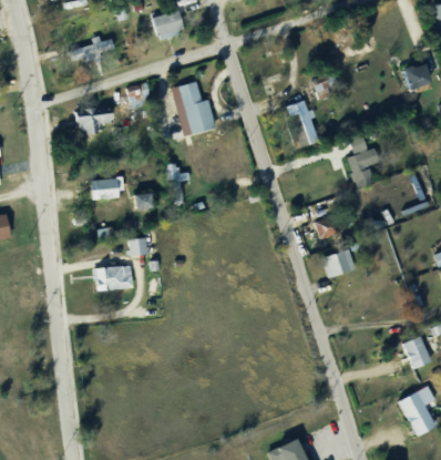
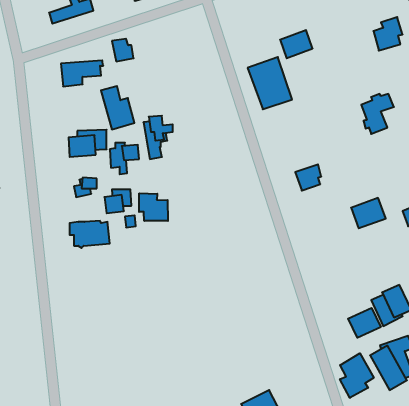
building: [180,89,214,133] -> [101,86,134,129]
building: [347,146,380,187] -> [361,94,394,134]
building: none -> [139,193,168,221]
building: [320,247,356,278] -> [351,198,386,228]
building: none -> [348,308,381,338]
building: none -> [340,353,374,398]

